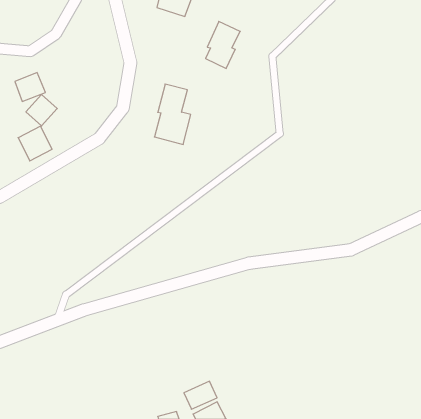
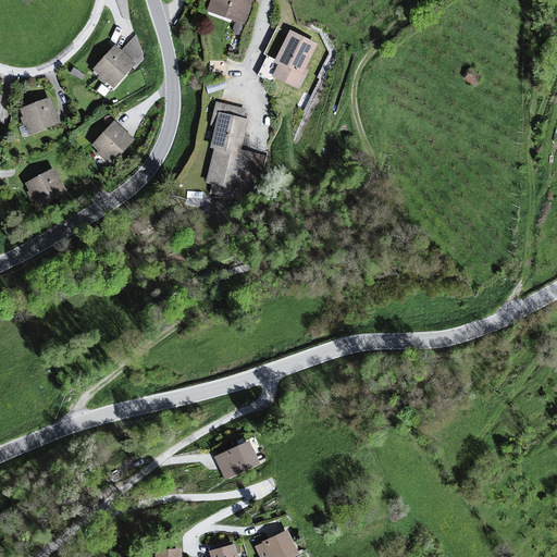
building: none -> [91,42,136,87]
building: [26,95,57,126] -> [91,121,133,162]
building: [184,381,217,409] -> [214,441,258,478]

